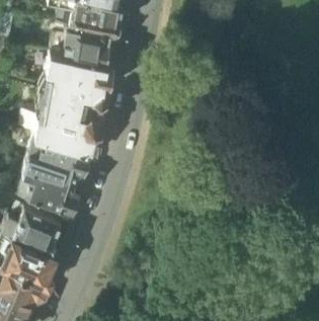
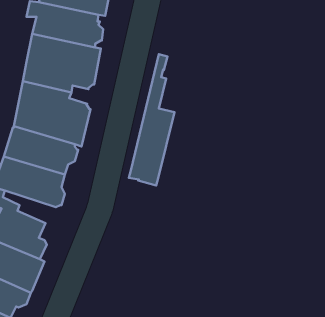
building: none -> [129,54,174,185]

